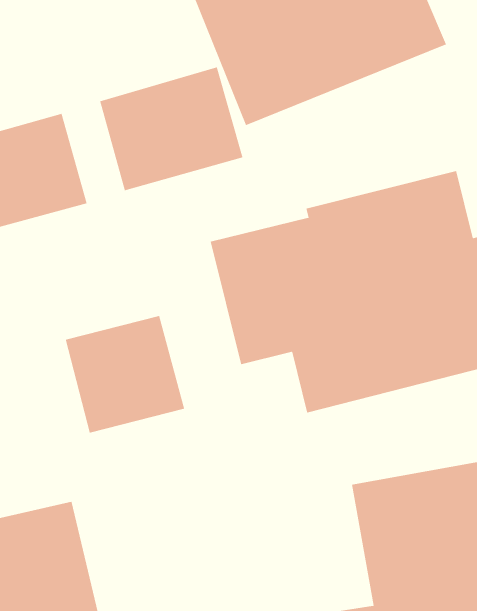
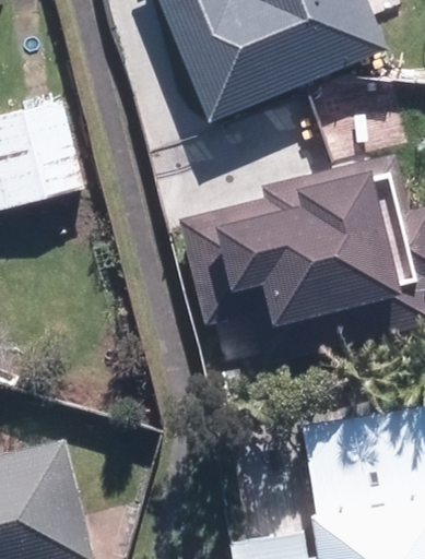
building: [100,67,243,191] -> none
building: [65,315,185,434] -> none

